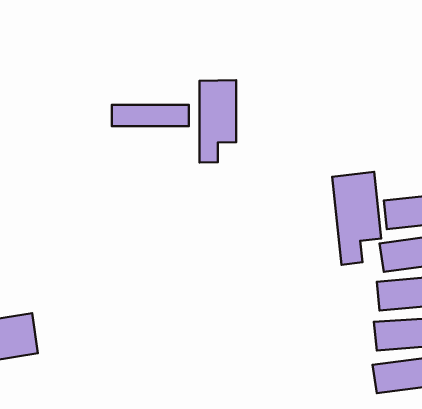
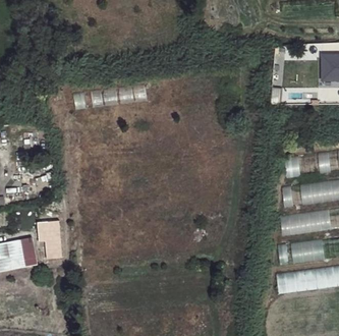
building: [199,80,236,163] -> none
building: [332,172,381,265] -> none
building: none -> [38,220,63,259]

